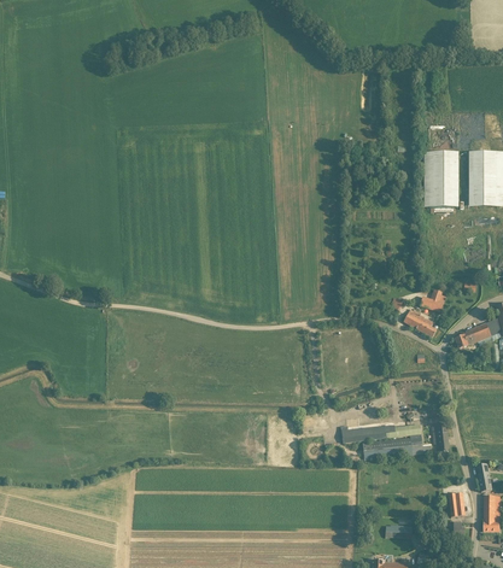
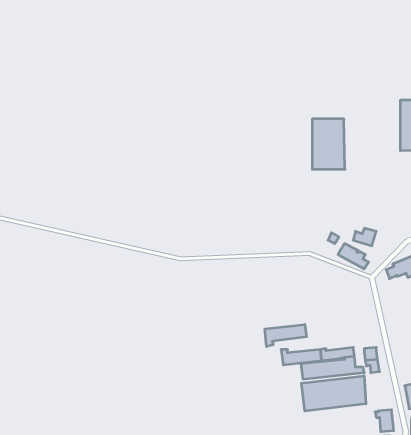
building: [425,151,461,206] -> [312,119,345,169]
building: none -> [265,324,306,347]
building: none -> [302,376,366,411]

